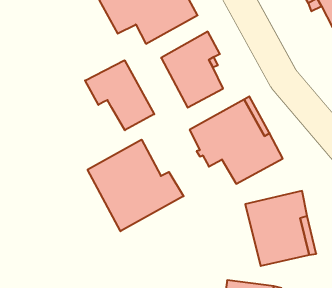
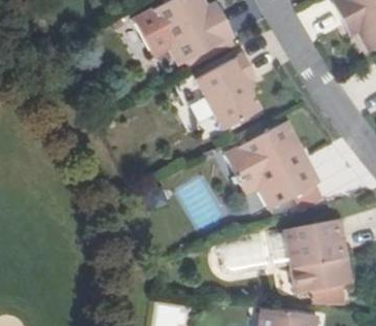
building: [85,60,154,130] -> none
building: [88,140,184,231] -> none

